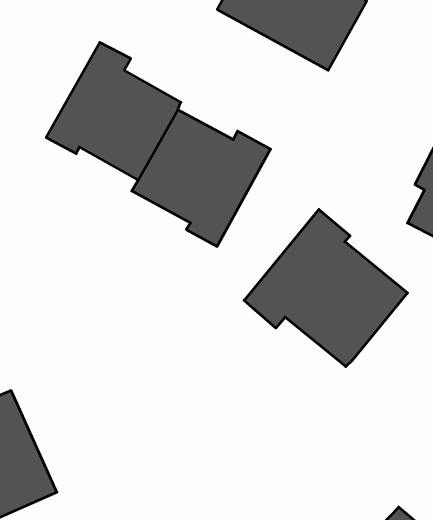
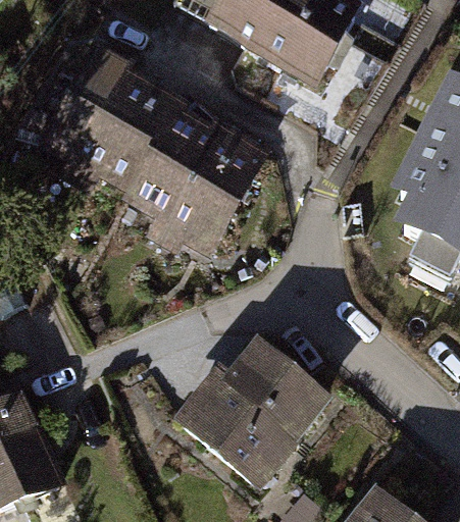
building: [244,209,408,367] -> none
building: none -> [185,350,320,480]

